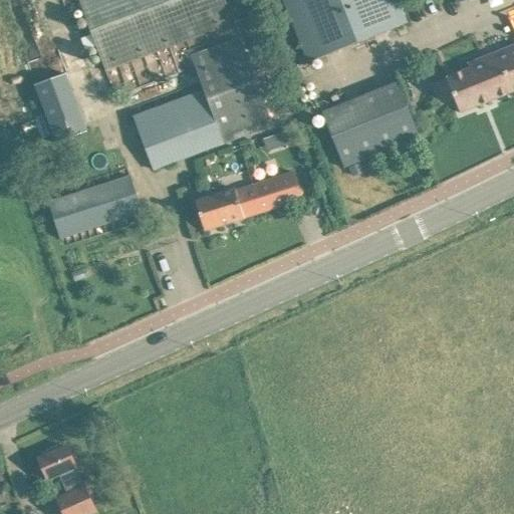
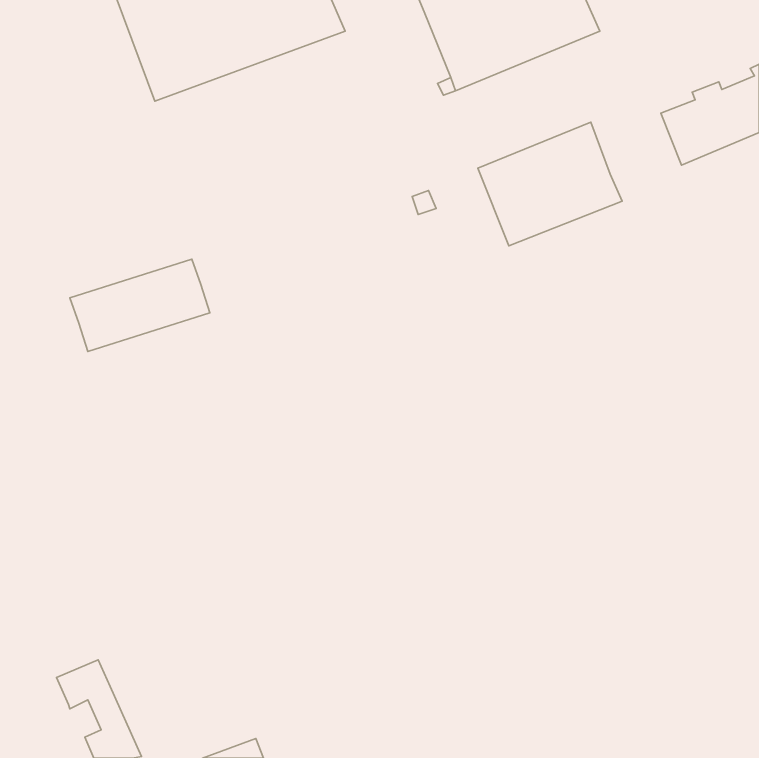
building: [134,37,271,168] -> none
building: [32,70,88,142] -> none
building: [195,171,302,229] -> none

